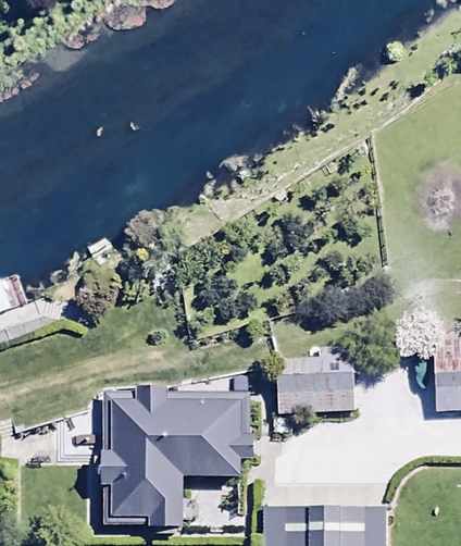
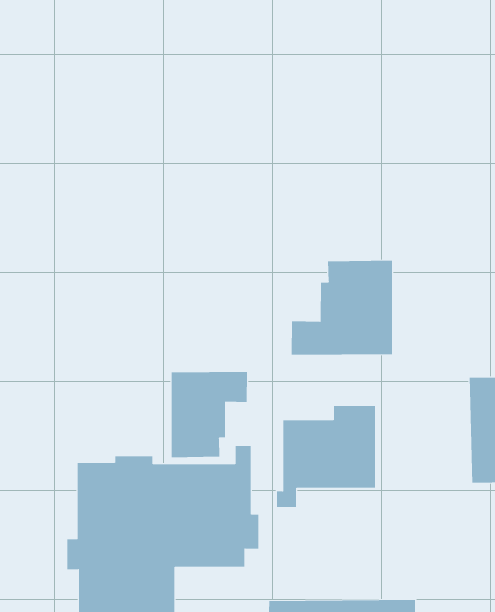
building: none -> [291,260,392,355]
building: none -> [171,371,247,458]

